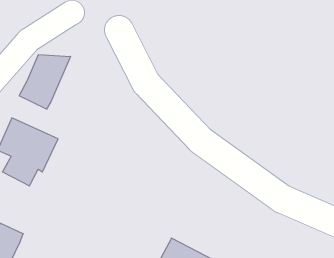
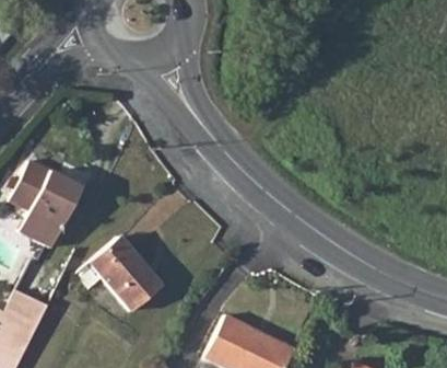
building: [19,55,70,109] -> none
building: none -> [89,235,161,310]

